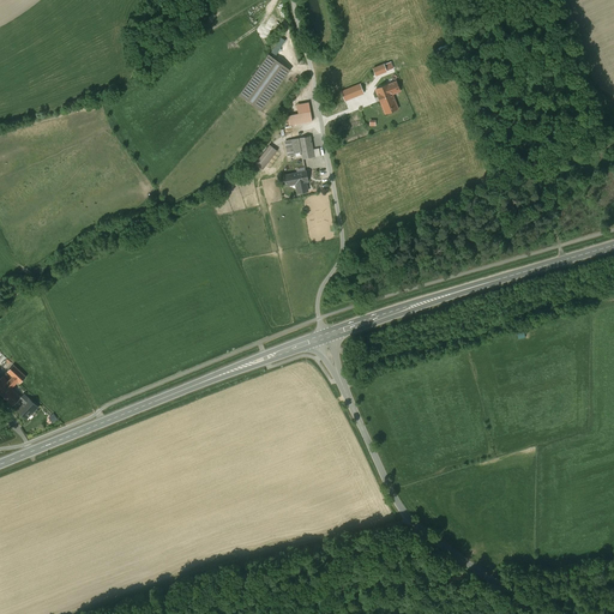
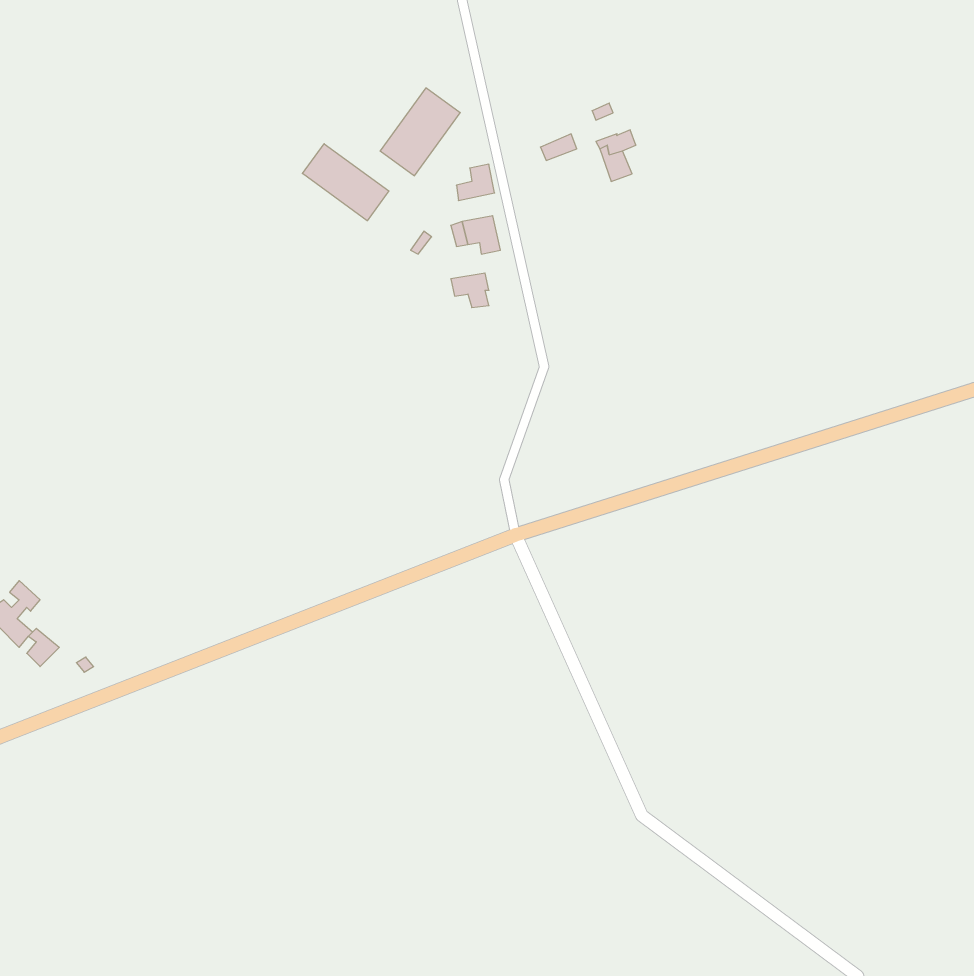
building: none -> [302,144,389,221]

